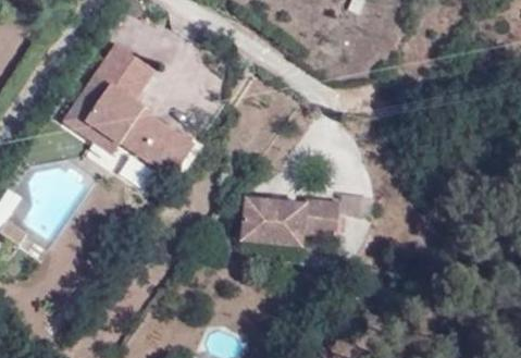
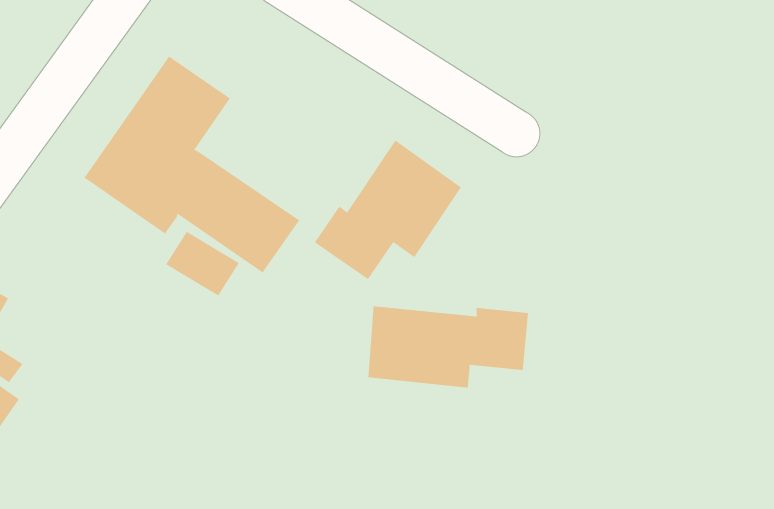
building: none -> [314,140,462,280]

